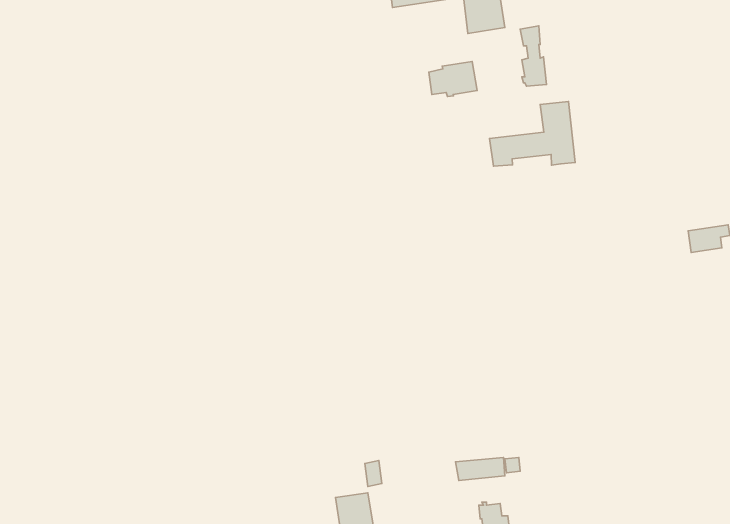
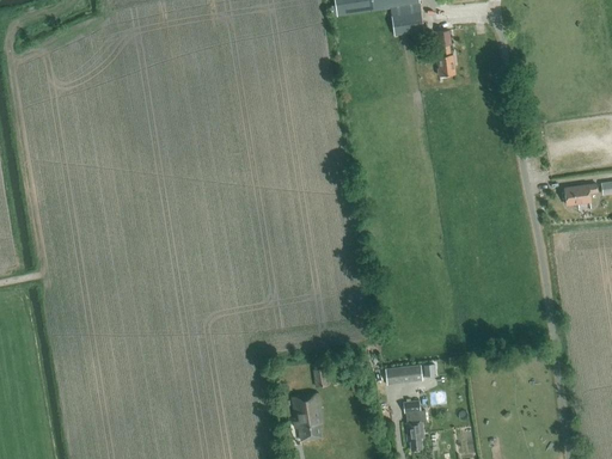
building: [429,61,477,96] -> none
building: [490,102,575,166] -> none

